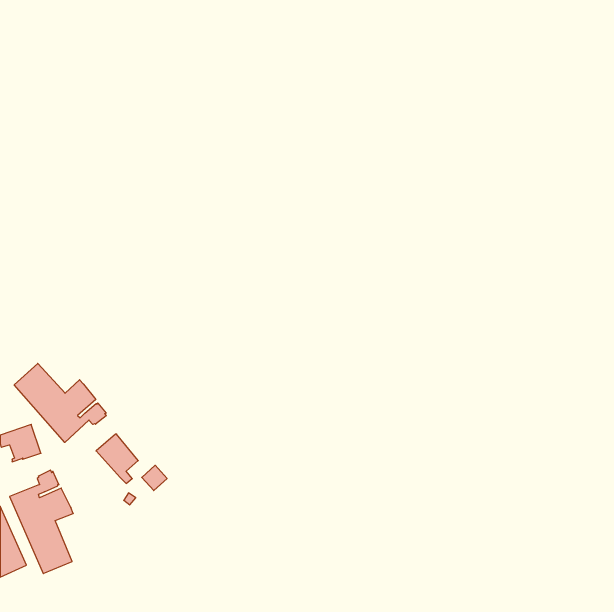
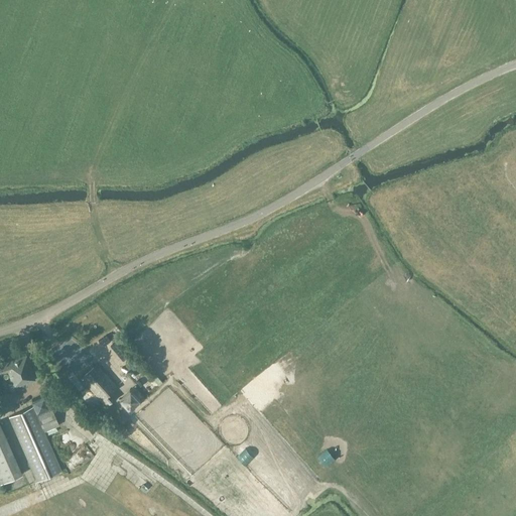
building: [14,363,106,442] -> none

